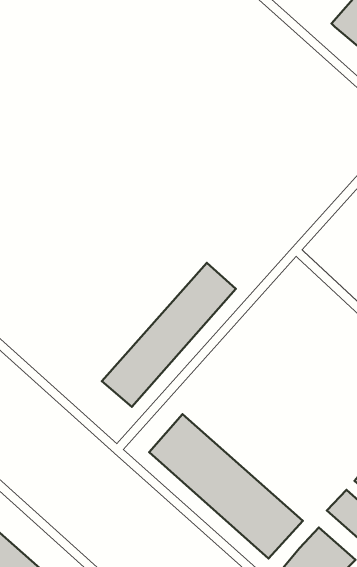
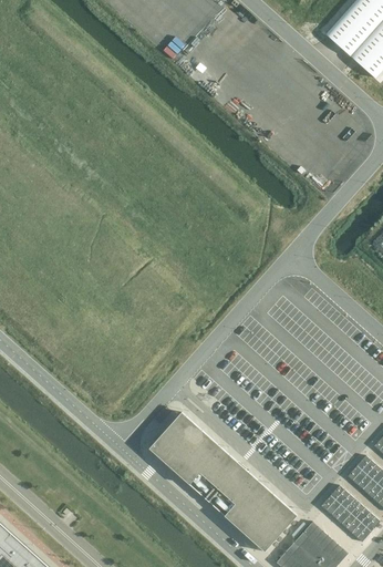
building: [102,263,236,407] -> none

